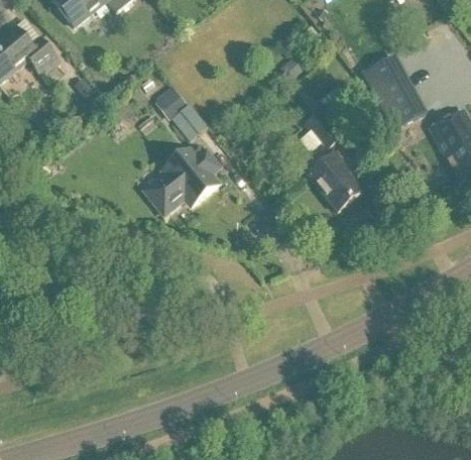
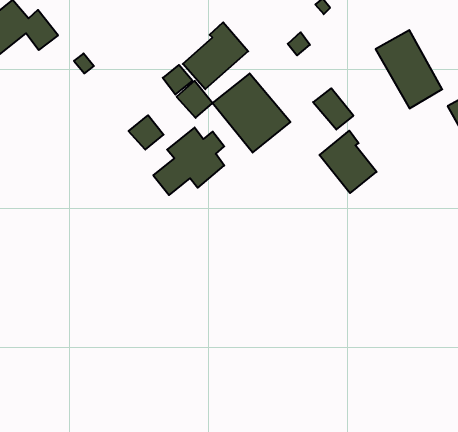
building: none -> [183,22,248,89]
building: none -> [213,73,290,153]
building: none -> [129,115,164,150]

